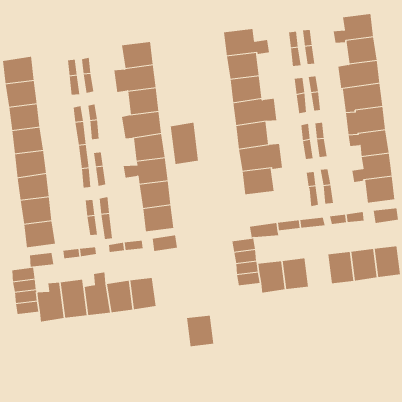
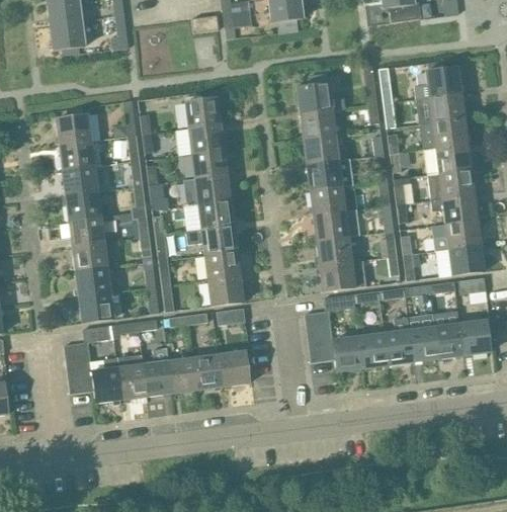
building: [170,122,199,165] -> none
building: none -> [319,259,355,289]
building: none -> [385,317,413,363]
building: [186,315,214,347] -> [219,350,249,385]

